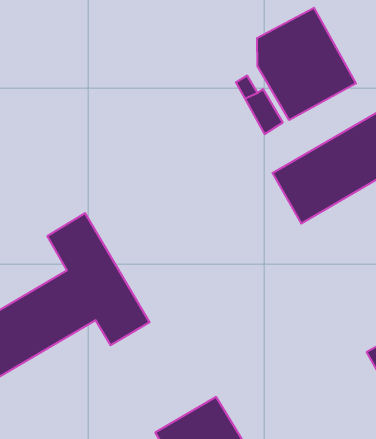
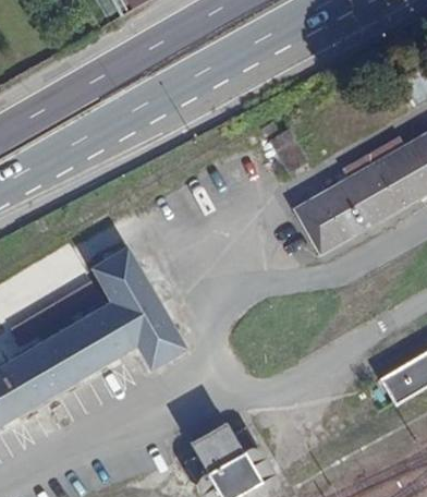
building: [257,8,356,120] -> none

